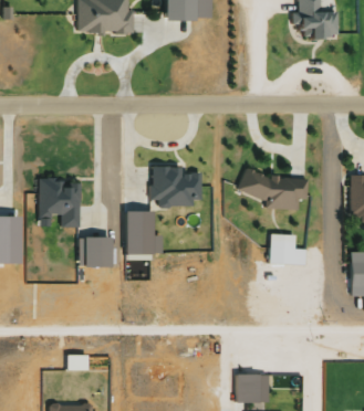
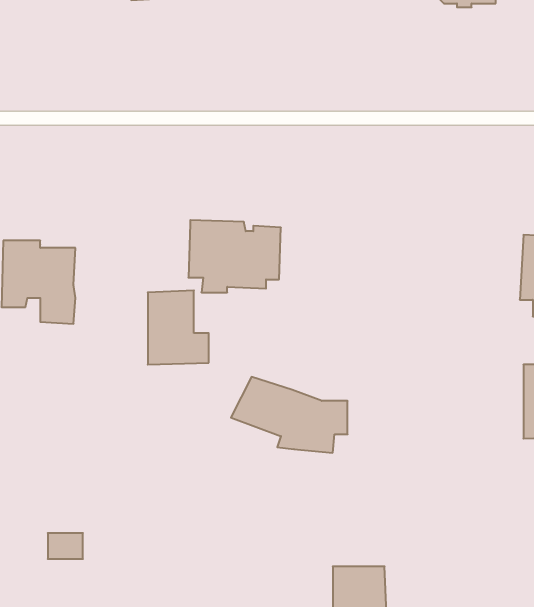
building: [237,165,306,210] -> [231,377,348,453]
building: [81,236,114,265] -> none
building: [270,241,306,265] -> none

